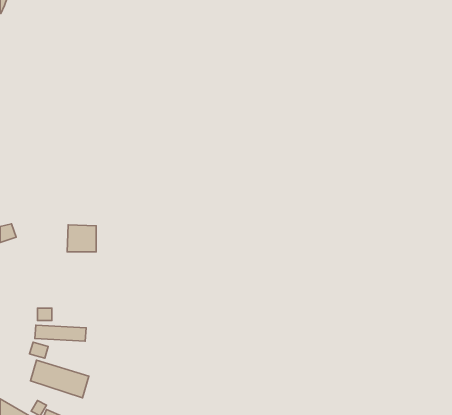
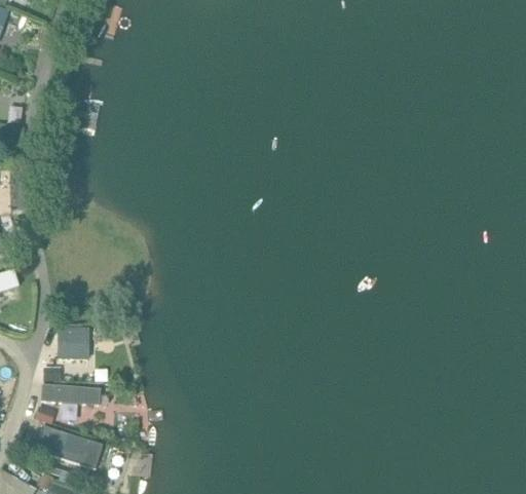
building: [67,225,96,252] -> [57,328,89,358]

